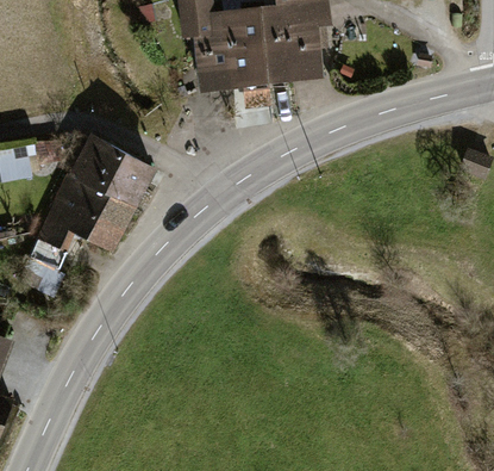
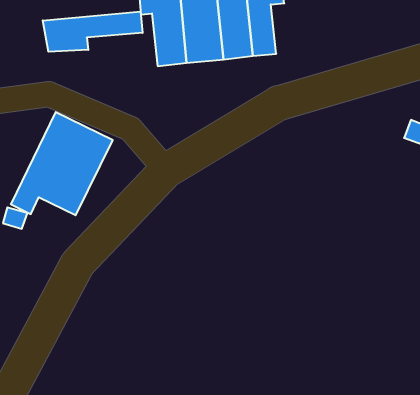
building: none -> [43,11,143,52]

